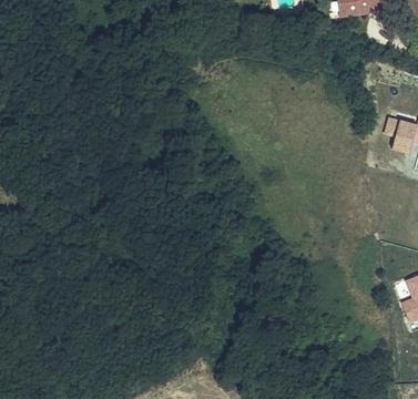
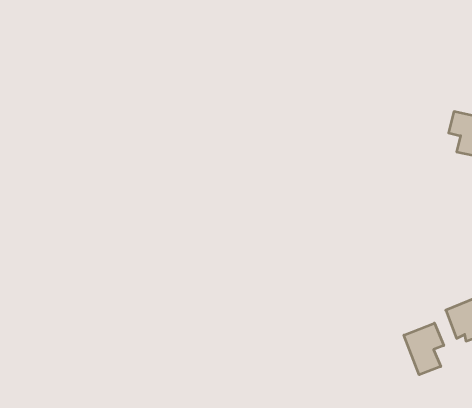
building: none -> [404,323,444,375]

